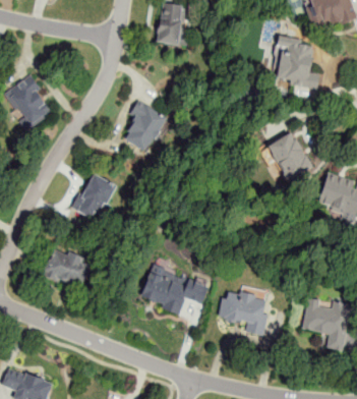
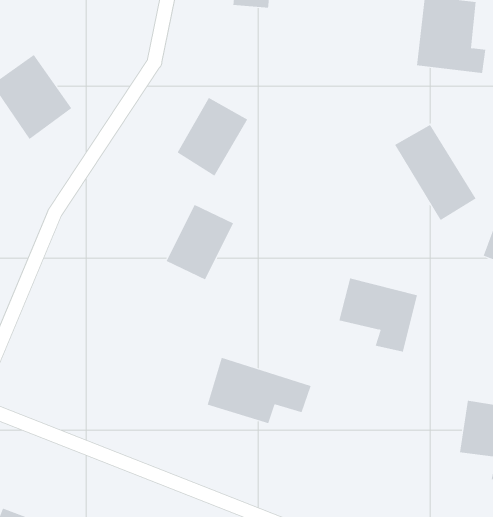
building: [73,172,117,221] -> [166,204,234,280]
building: [45,247,90,286] -> none
building: [219,288,270,336] -> [339,278,418,352]

